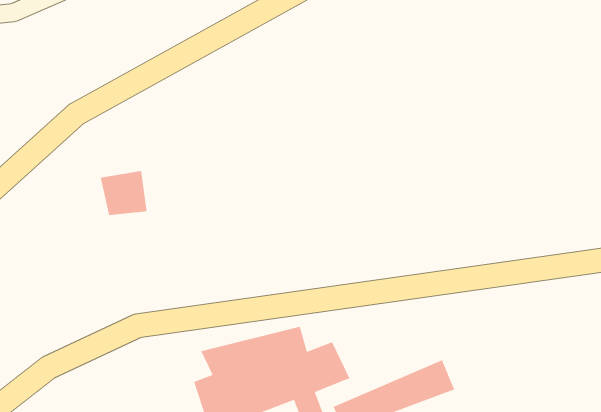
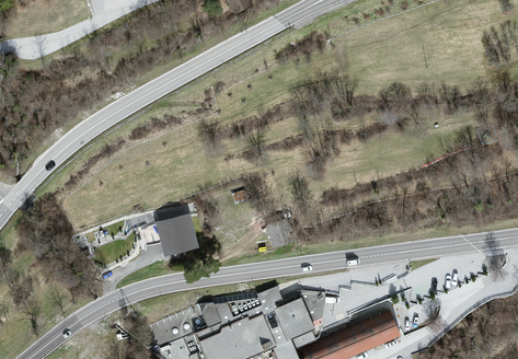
building: [100,170,147,216] -> [157,216,194,252]

